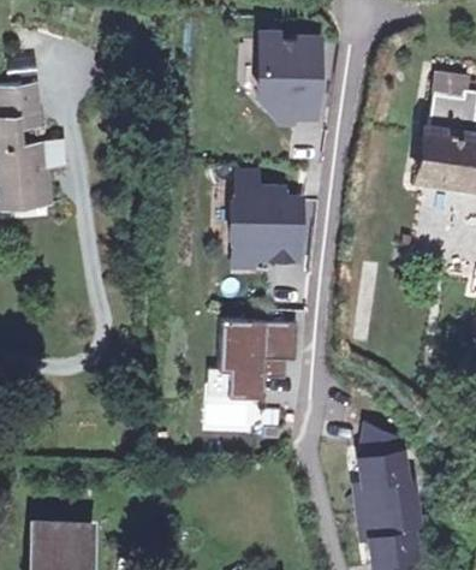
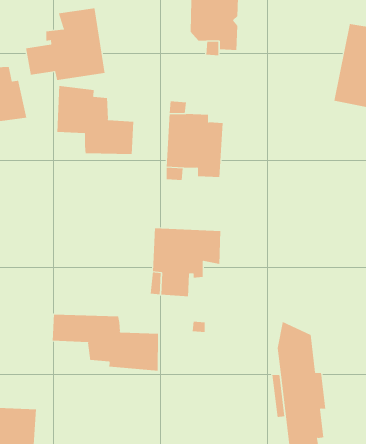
building: none -> [25,7,105,81]
building: none -> [57,85,134,155]
building: none -> [52,314,159,372]

